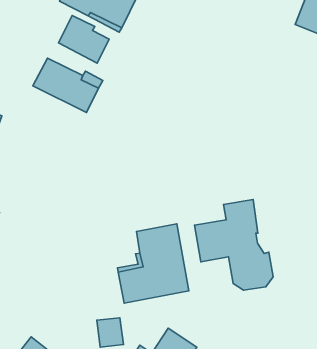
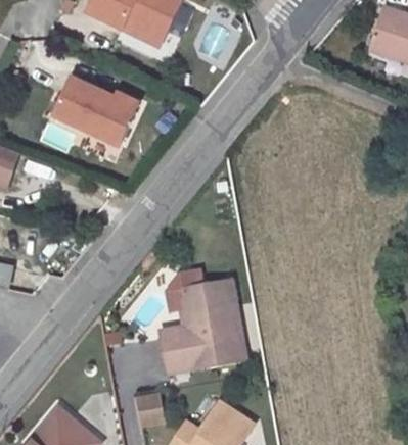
building: [59,15,109,63] -> none
building: [194,199,273,290] -> none

